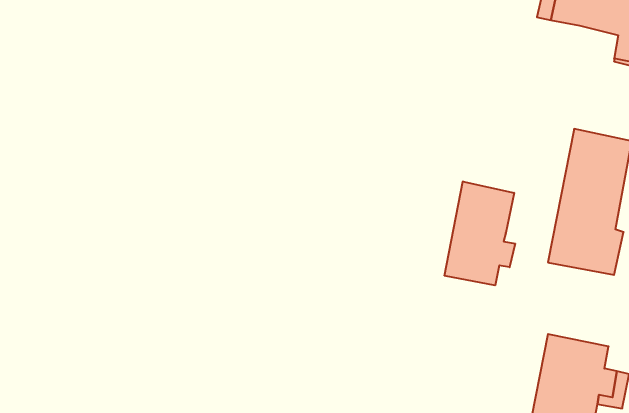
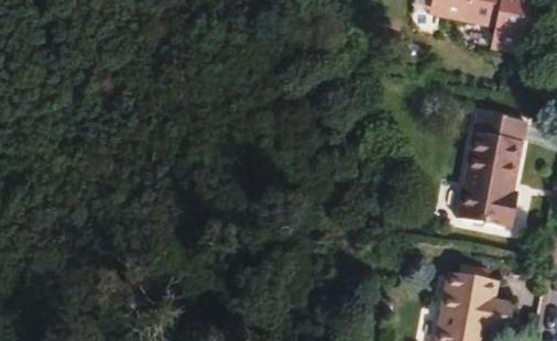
building: [445,181,515,285] -> none

